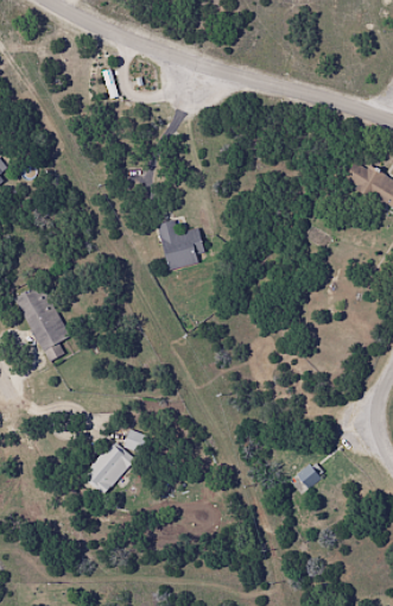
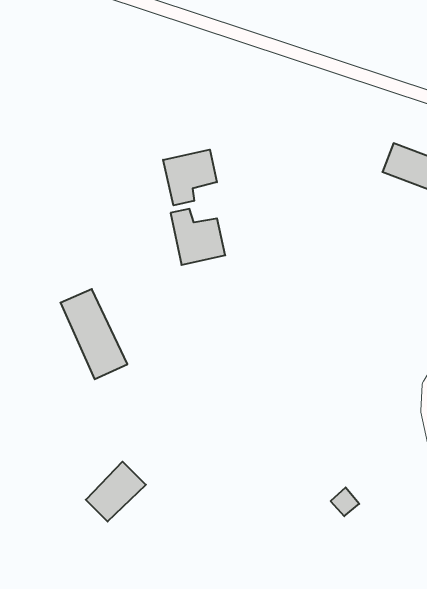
building: none -> [163,150,217,205]
building: [17,284,75,362] -> [60,289,127,379]

